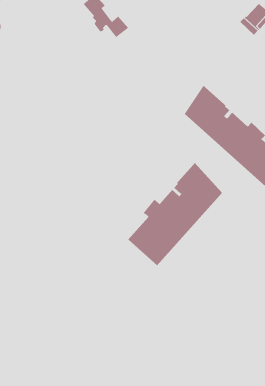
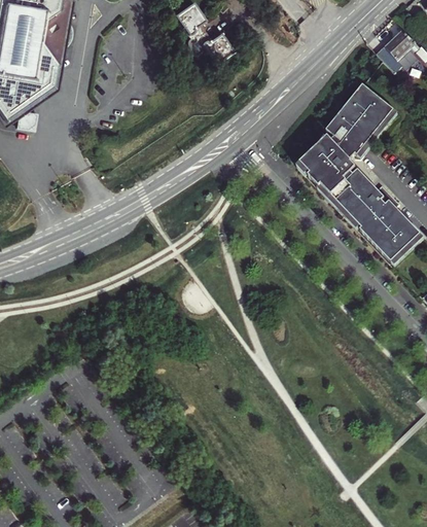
building: none -> [325,82,395,155]
building: [128,162,223,266] -> none

